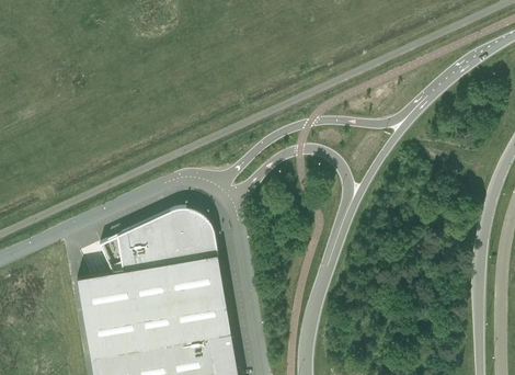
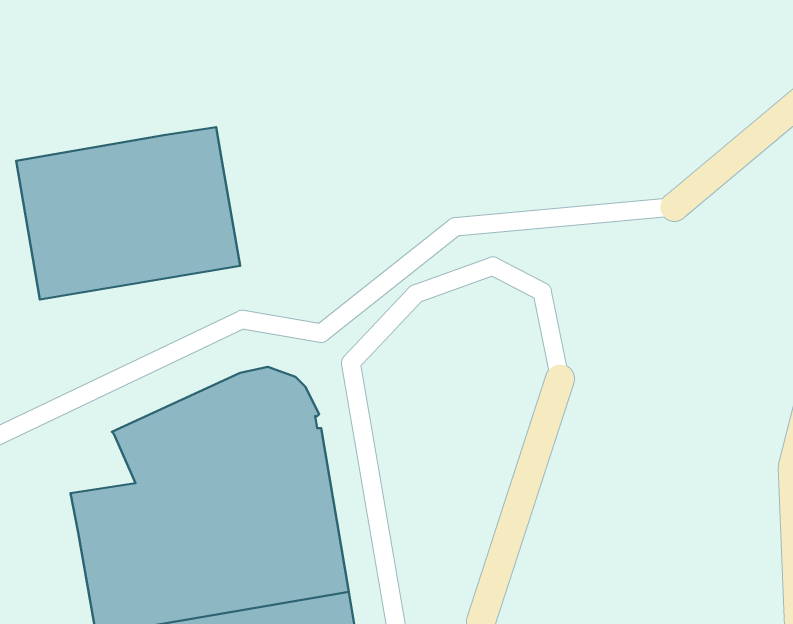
building: none -> [16,127,240,300]

